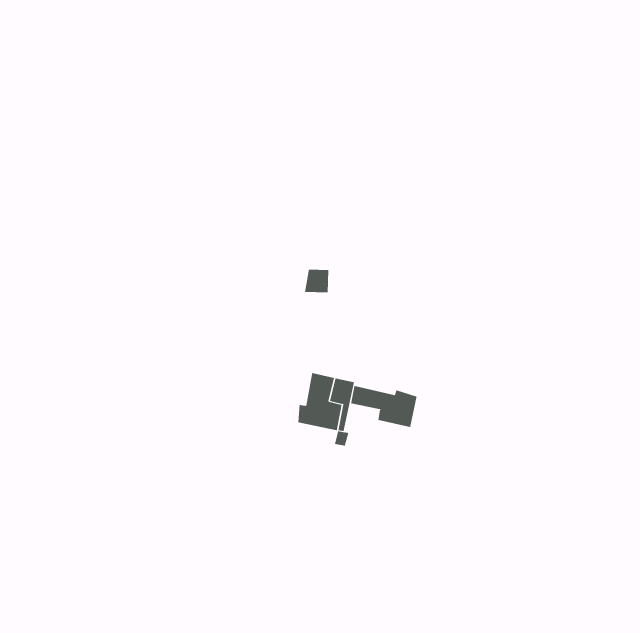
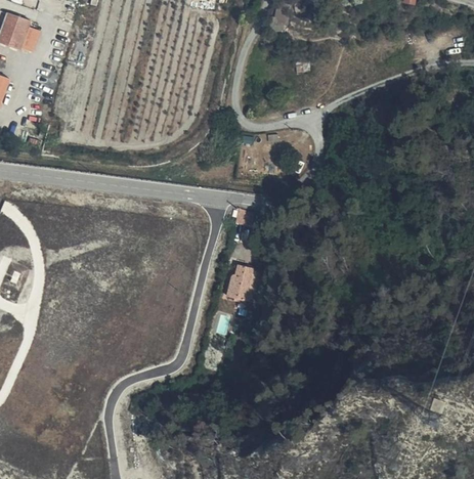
building: [351,385,417,428] -> none

